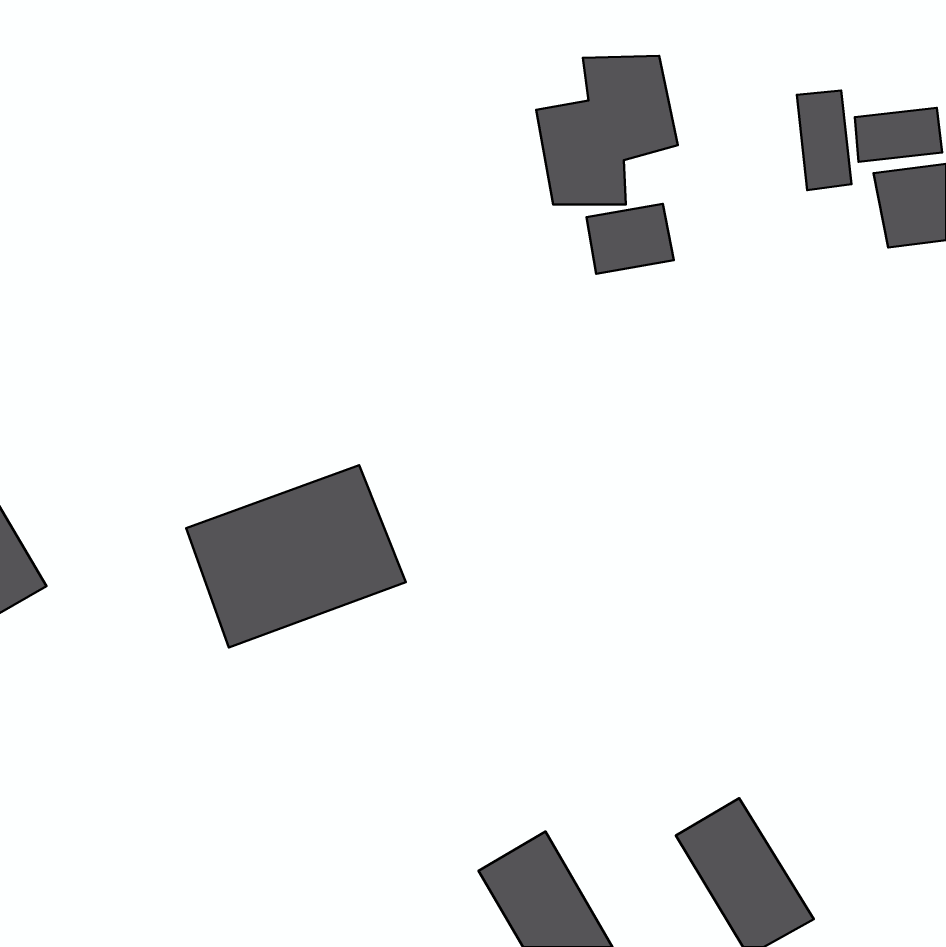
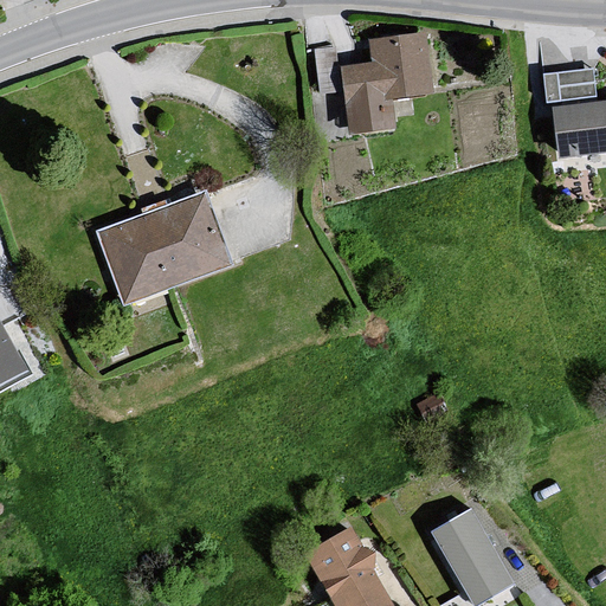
building: [797,91,851,190] -> none
building: [587,204,674,274] -> none
building: [186,465,406,647] -> [97,188,237,304]

